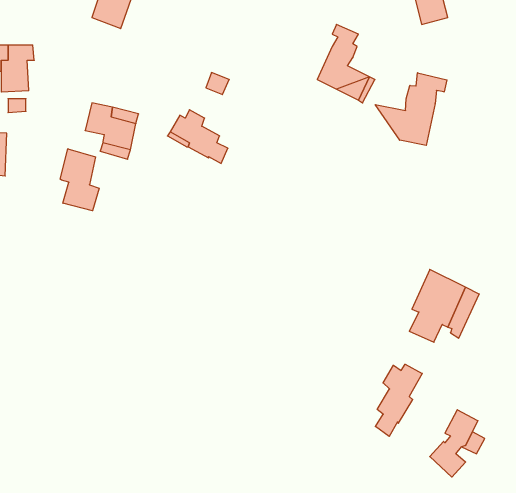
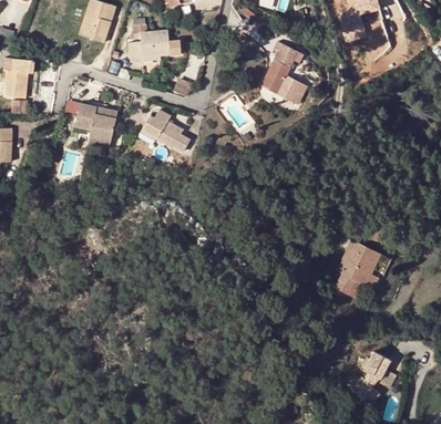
building: none -> [127,31,180,62]
building: [375,73,447,145] -> none
building: [60,149,99,211] -> none
building: [375,364,422,436] -> none

